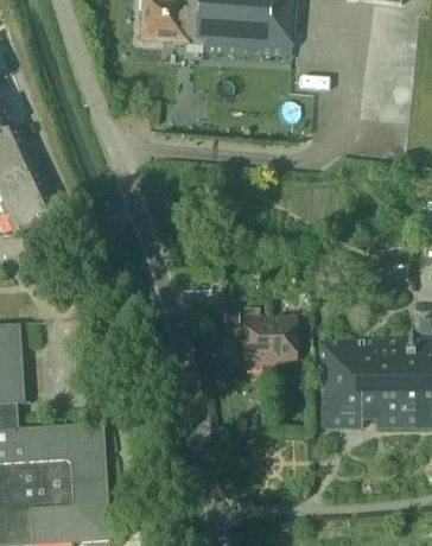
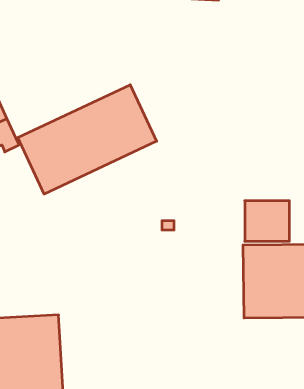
building: none -> [18,85,157,194]
building: [243,317,296,364] -> [245,201,289,241]

